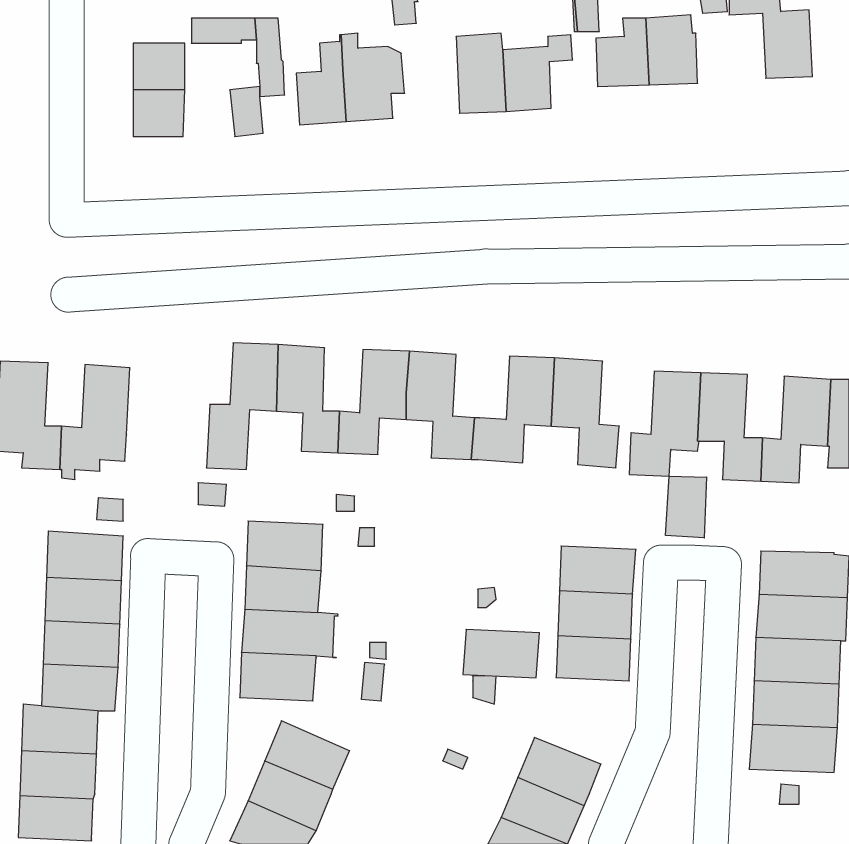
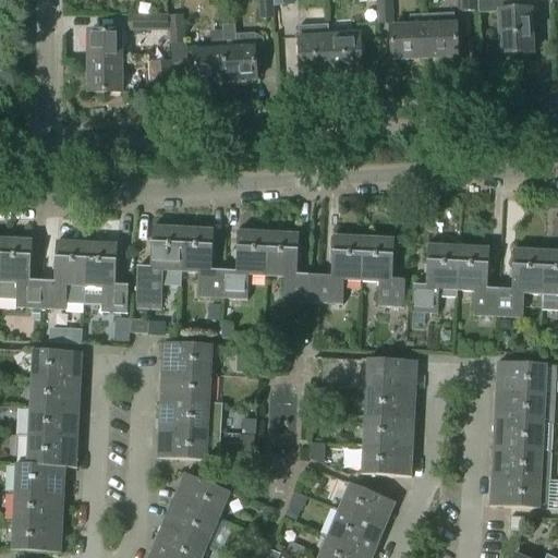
building: none -> [82,241,126,312]
building: [666,476,707,538] -> none
building: [463,629,539,678] -> [362,444,412,475]

